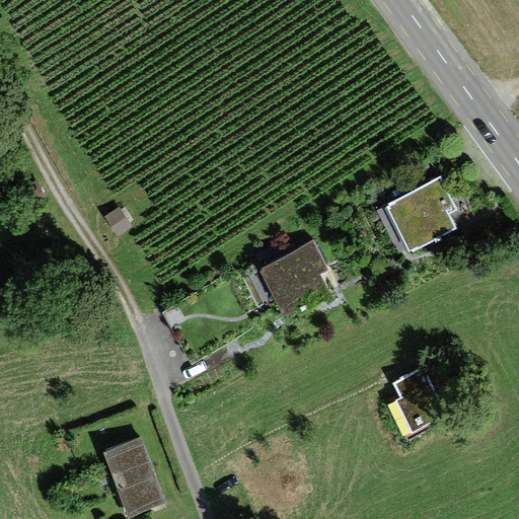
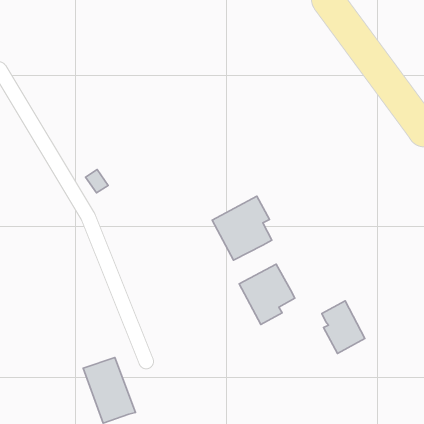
building: [384,176,455,252] -> none
building: none -> [239,264,295,324]

